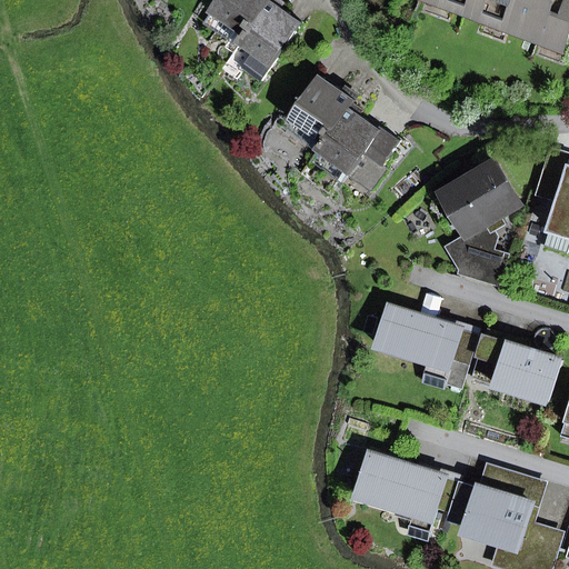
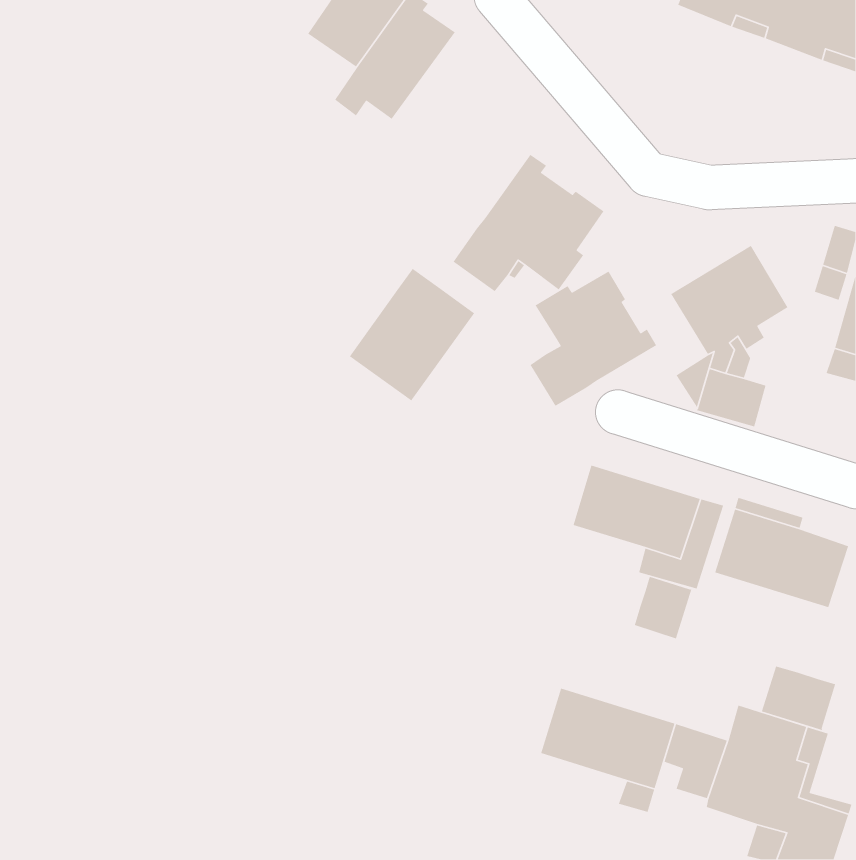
building: [287,74,351,143] -> none
building: none -> [349,268,475,402]
building: none -> [530,271,657,407]
building: none -> [634,576,693,639]
building: none -> [761,666,836,731]

